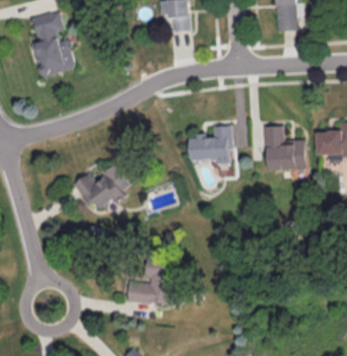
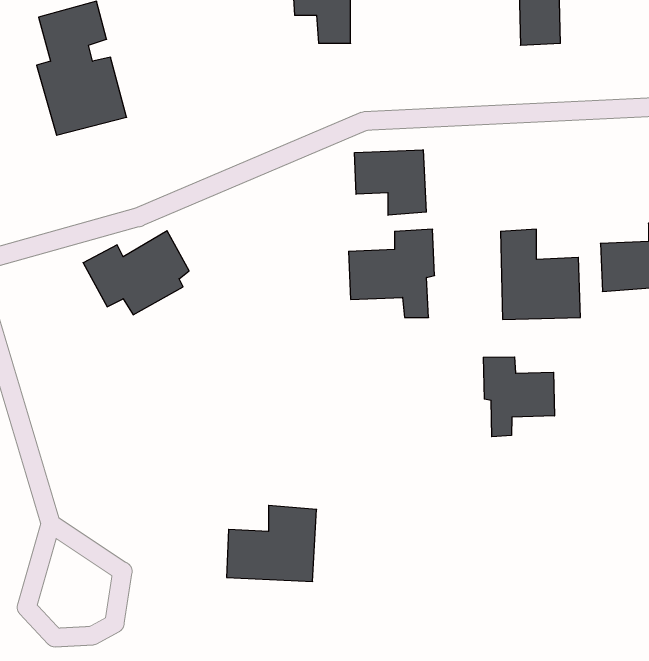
building: none -> [355,150,426,215]
building: [73,165,127,208] -> [83,231,189,315]
building: none -> [483,357,554,437]

